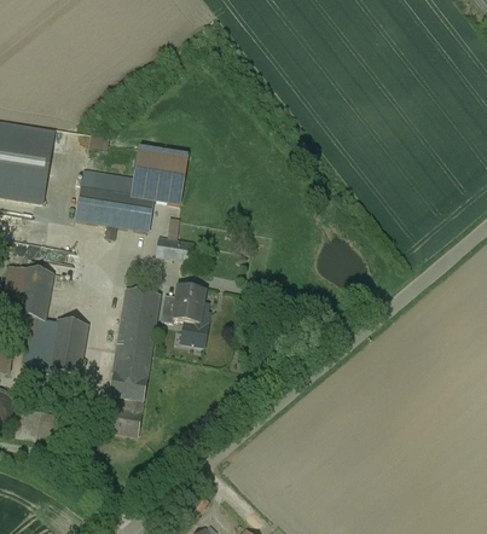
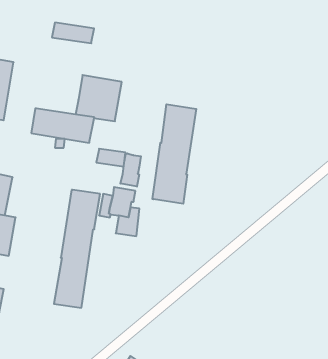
building: [82,169,134,195] -> [52,23,94,43]
building: none -> [152,104,196,204]
building: none -> [120,153,141,187]
building: [48,318,87,373] -> none

